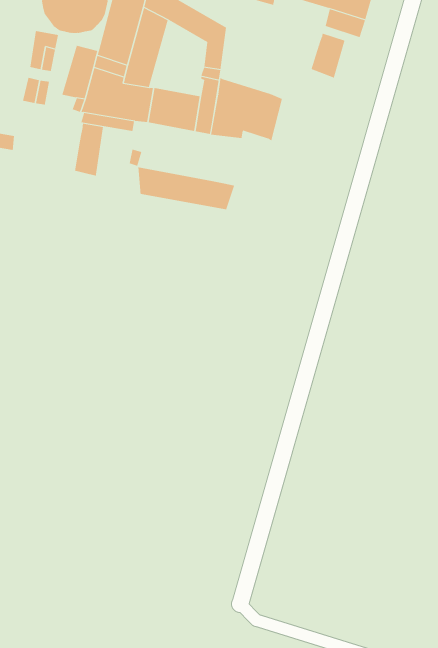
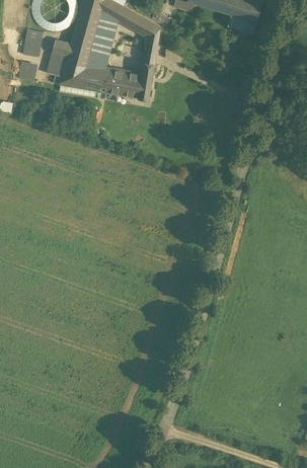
building: [311,33,345,78] -> none
building: [211,77,283,141] -> none
building: [75,123,104,177] -> none
building: [138,167,235,210] -> none

